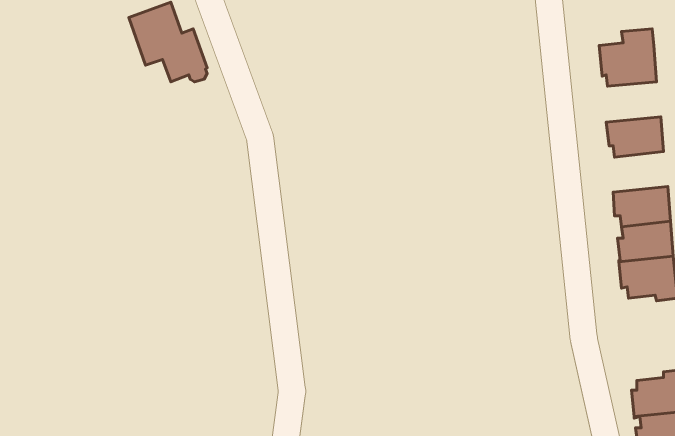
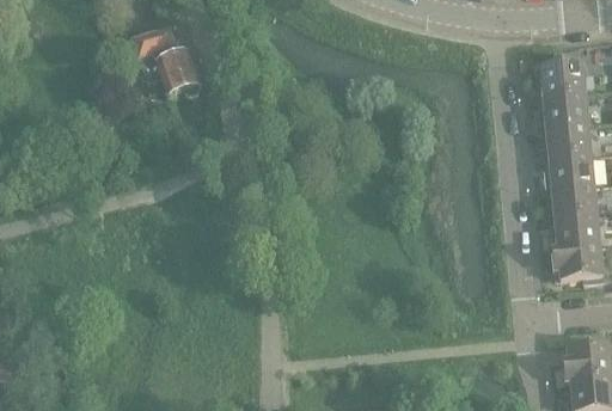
building: none -> [539,96,588,130]
building: none -> [545,155,594,190]

